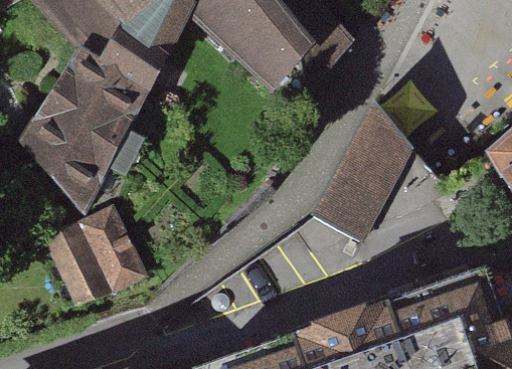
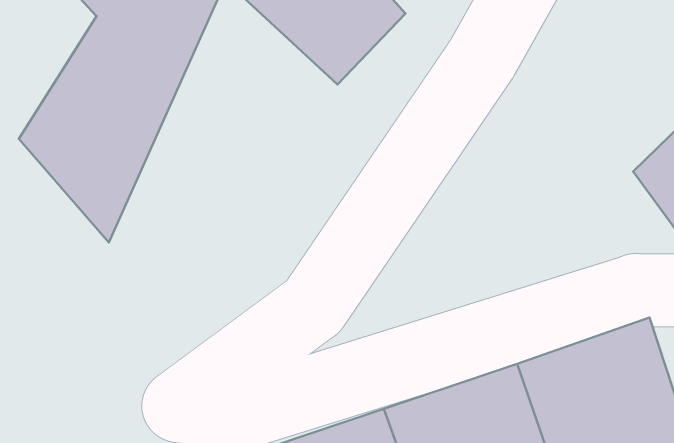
building: [309,105,408,241] -> none
building: [43,203,149,309] -> none

